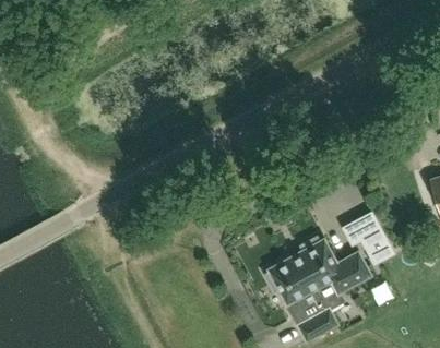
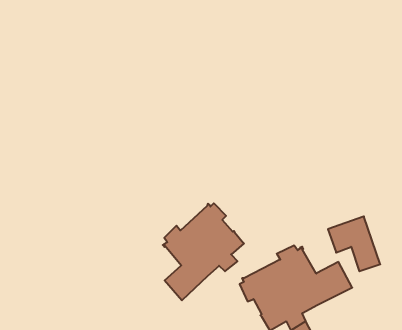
building: none -> [163,203,244,300]

